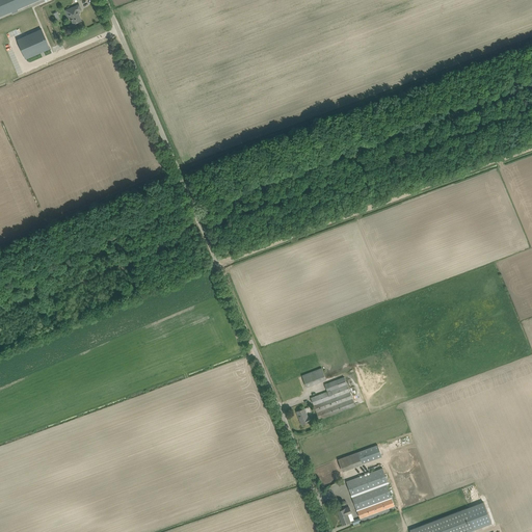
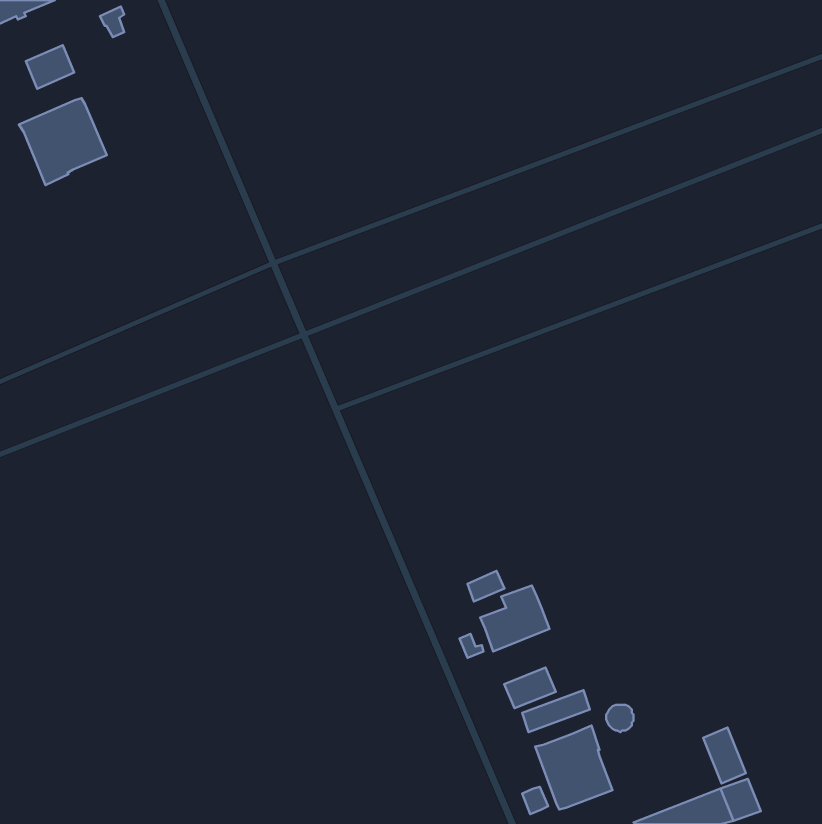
building: none -> [19,98,107,185]
building: none -> [504,668,556,708]
building: none -> [703,727,746,784]

